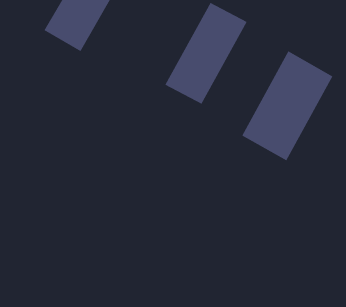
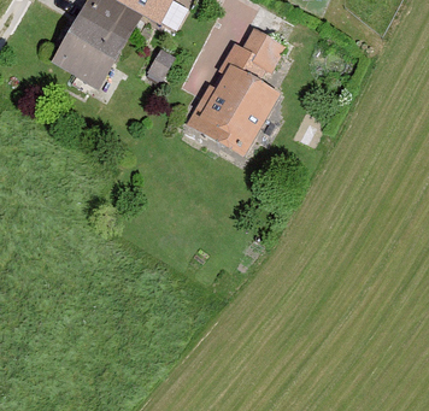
building: [241,51,333,161] -> none

